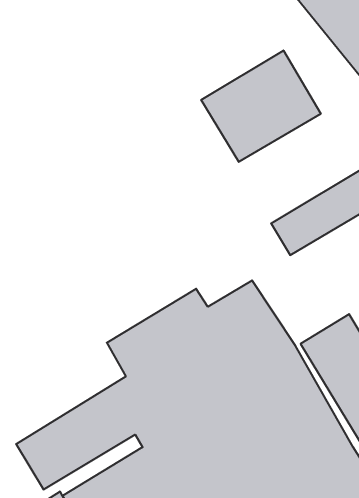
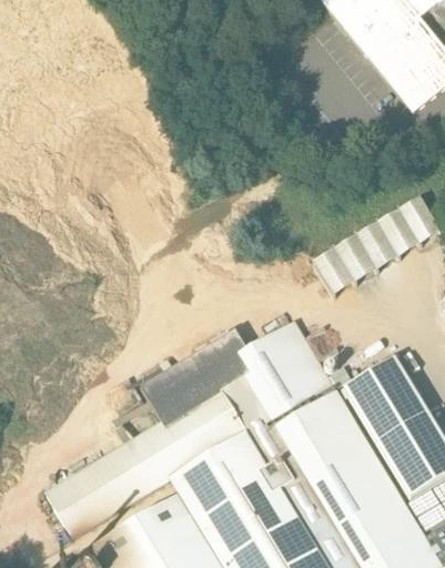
building: [201,50,321,162] -> none

